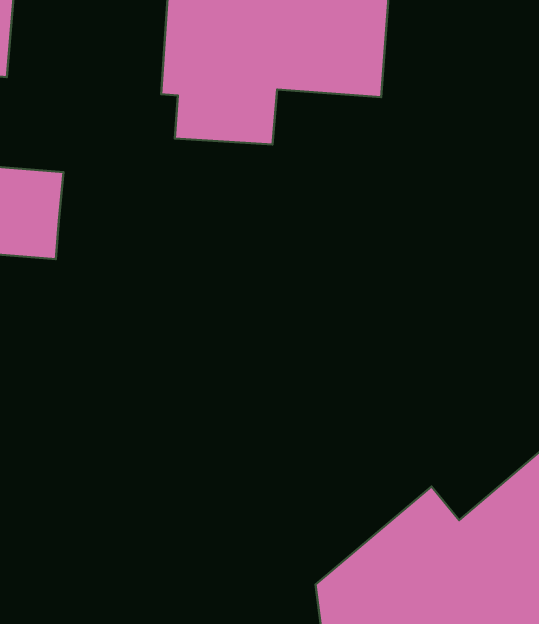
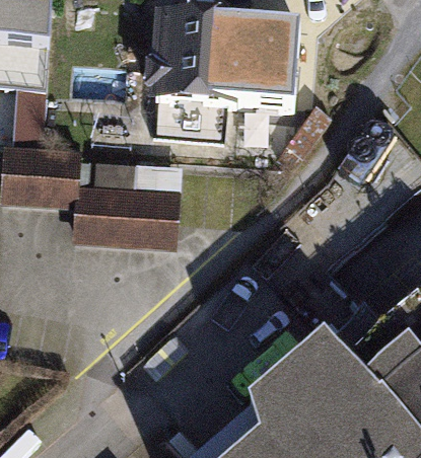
building: none -> [74,181,181,253]

